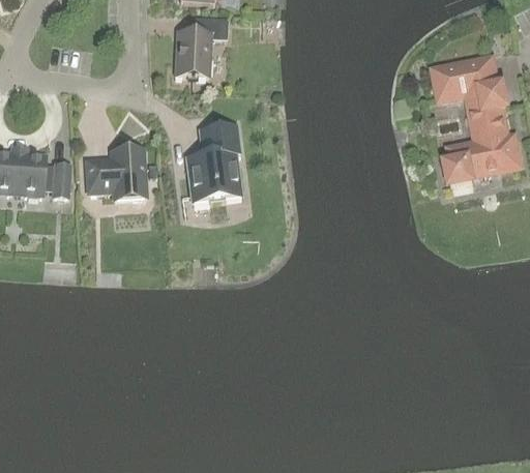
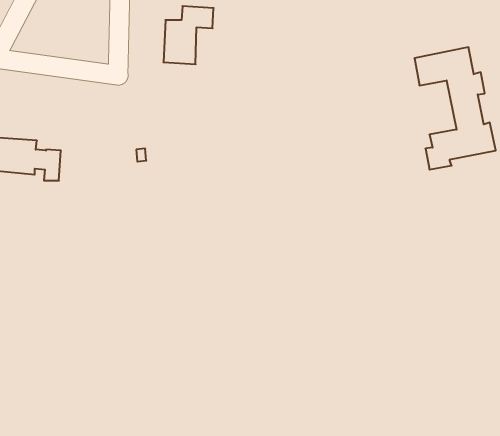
building: [186,123,241,202] -> none
building: [87,148,146,198] -> none

